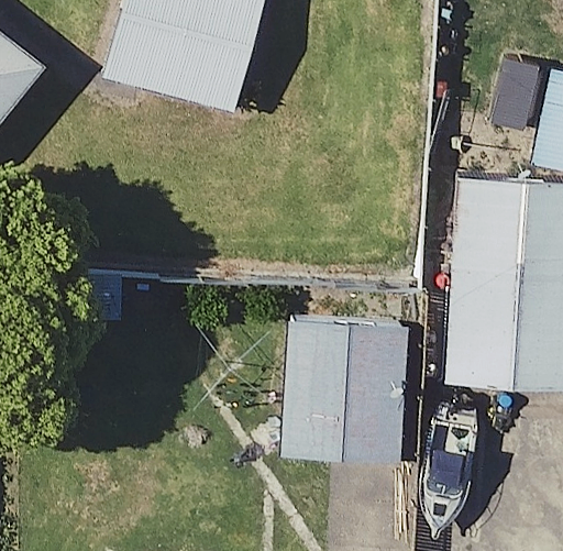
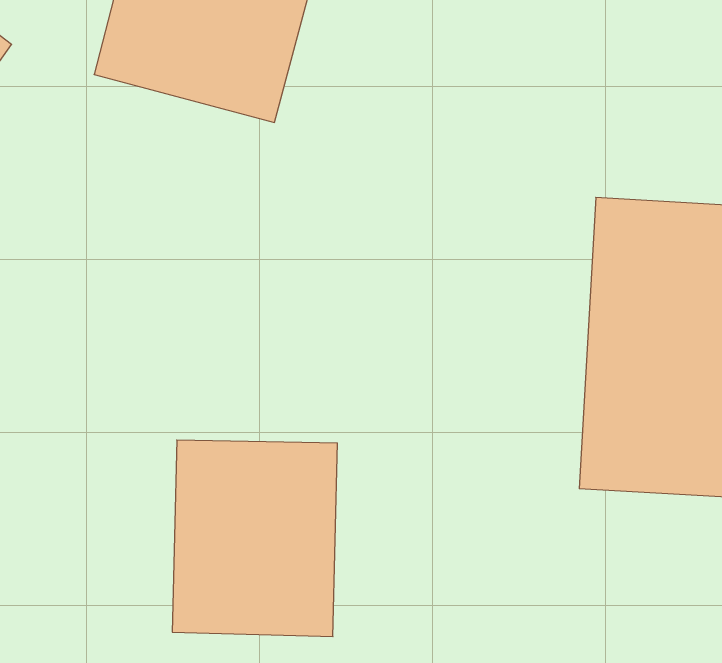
building: [284,318,405,462] -> [172,440,337,637]

